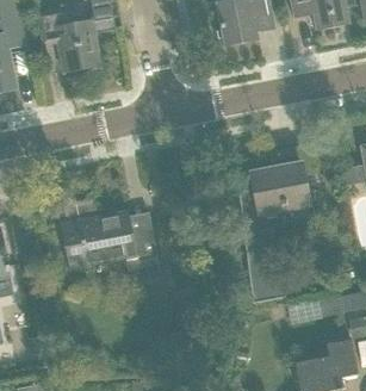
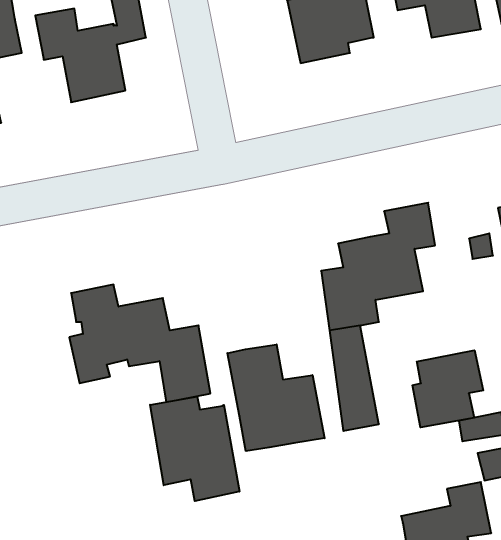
building: none -> [227,344,325,451]
building: none -> [412,350,483,427]
building: none -> [150,397,239,501]

